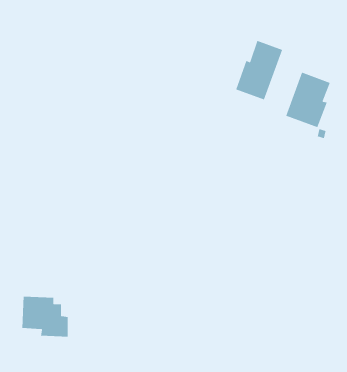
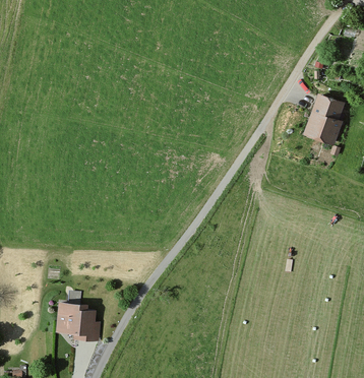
building: [235,40,283,101] -> none

